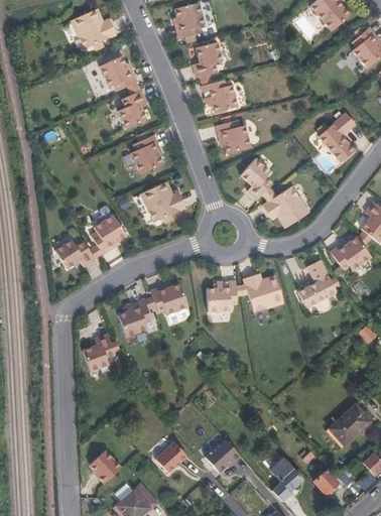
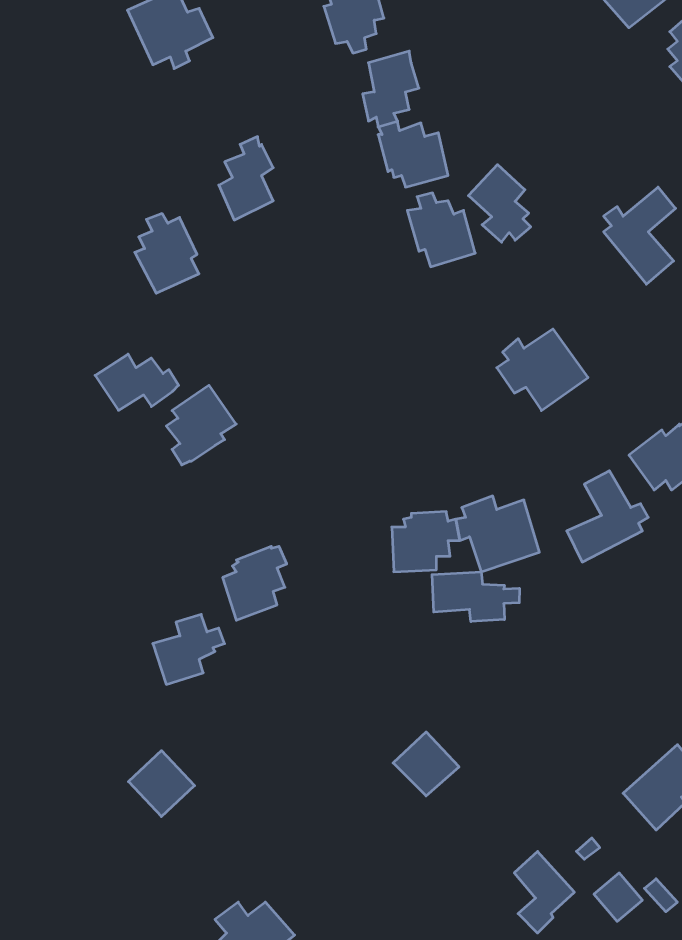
building: [99,55,138,91] -> none
building: [130,132,163,173] -> [135,214,199,293]
building: [241,158,273,199] -> [468,165,531,242]
building: [140,181,186,223] -> none
building: [55,240,99,269] -> [95,354,179,410]
building: [149,283,189,313] -> none
building: none -> [432,572,519,622]
building: [206,437,240,471] -> [393,732,459,796]
building: [156,441,187,472] -> none
building: [89,447,123,482] -> [128,751,195,817]

